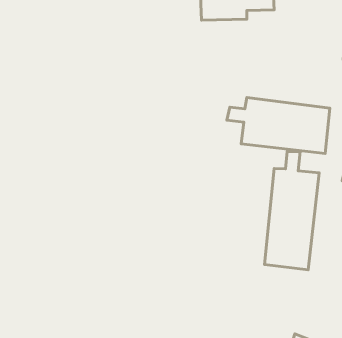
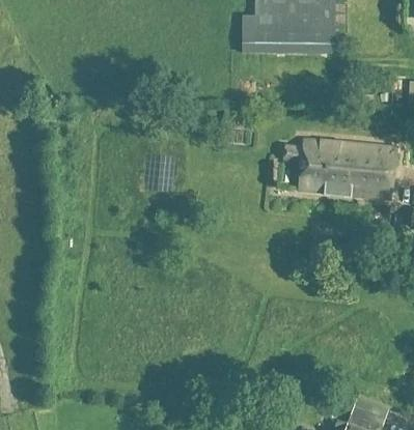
building: [264,151,319,270] -> none

